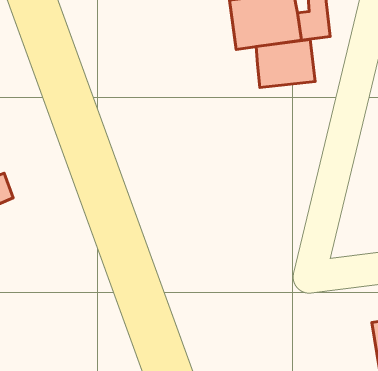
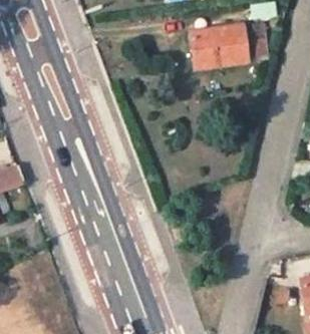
building: [256,40,315,88] -> none

